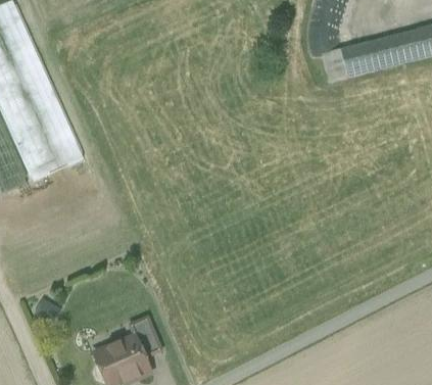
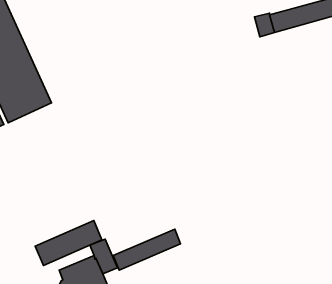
building: none -> [35,220,102,265]
building: none -> [113,229,181,270]

